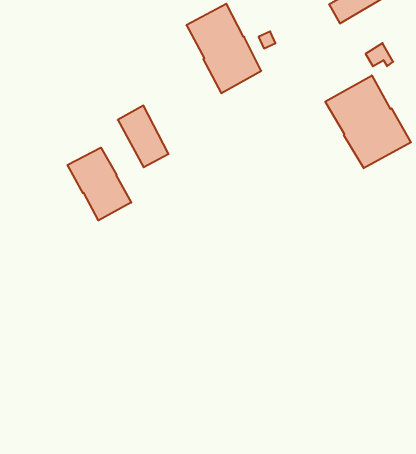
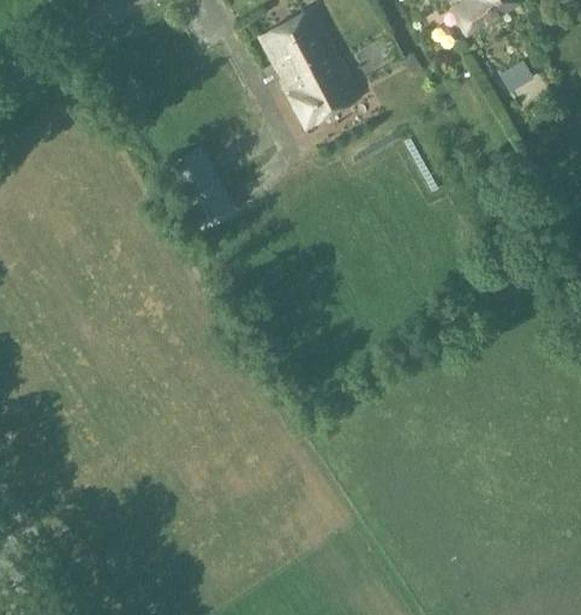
building: [325,75,411,168] -> none
building: [67,148,131,220] -> none

